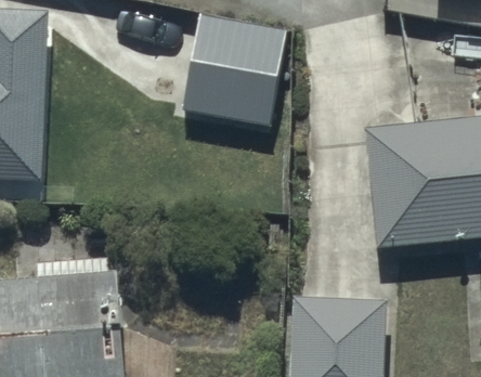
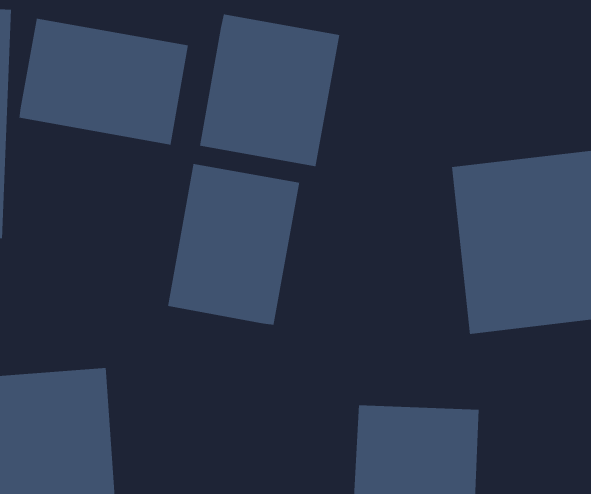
building: none -> [19,18,188,145]
building: none -> [167,163,300,325]

